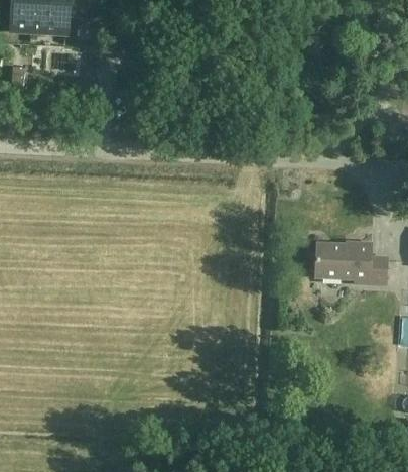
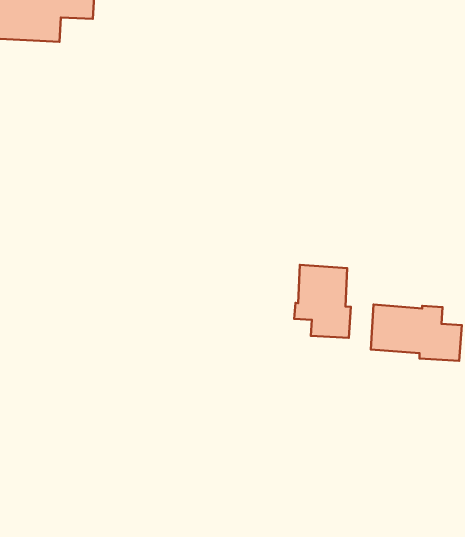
building: none -> [294,265,351,338]

